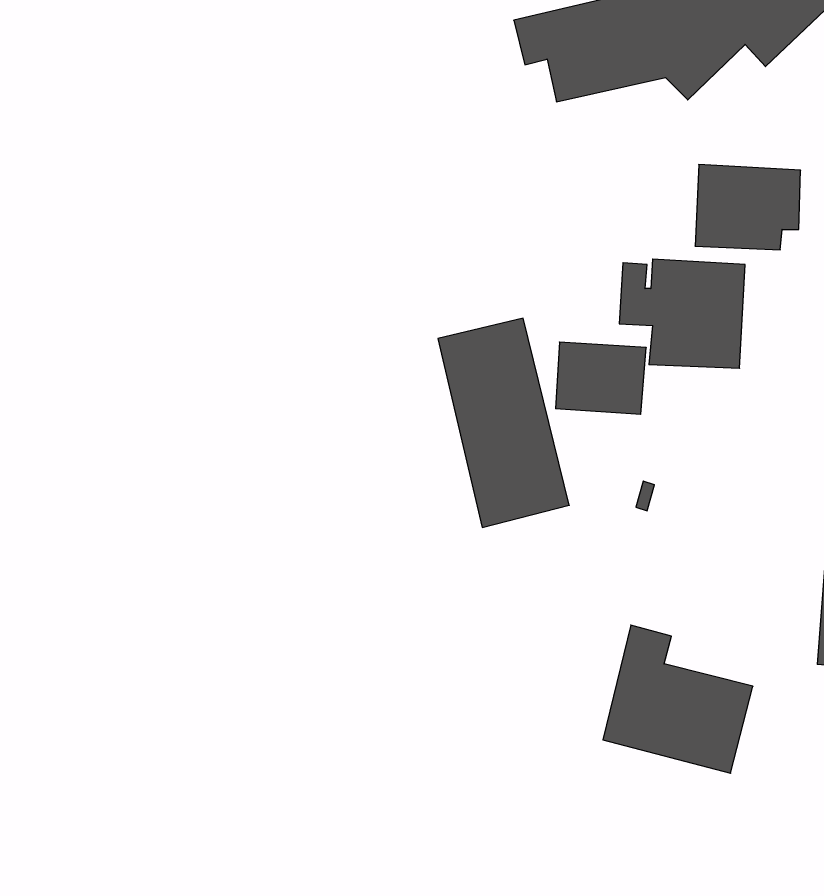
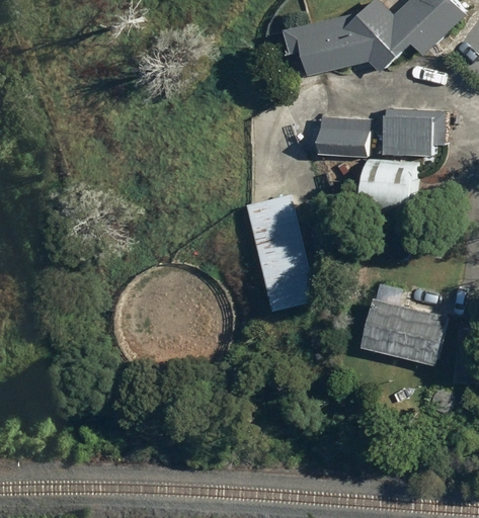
building: [556,342,646,414] -> [317,117,367,157]
building: [603,625,753,773] -> [364,284,446,365]

